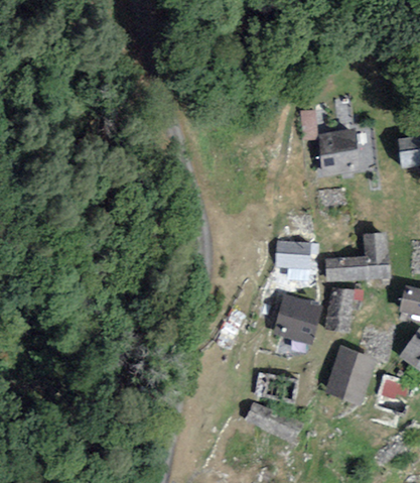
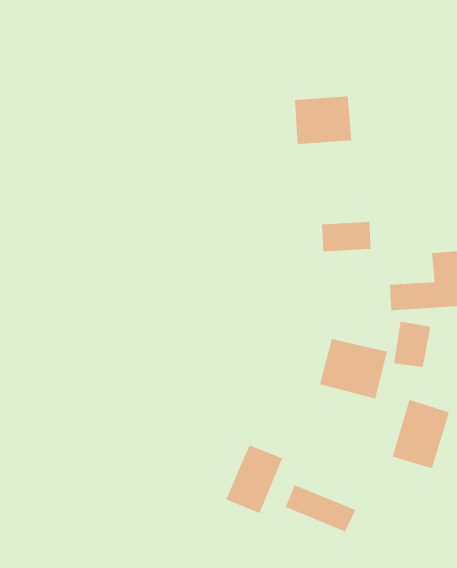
building: [317,130,362,167] -> [294,96,352,145]
building: [273,245,311,268] -> [321,222,371,252]
building: none -> [226,444,283,514]

